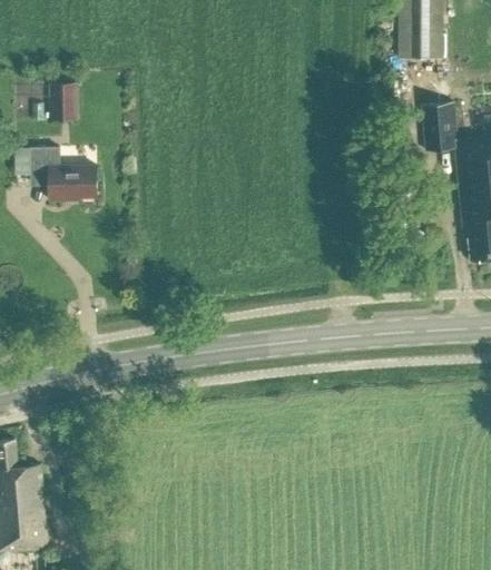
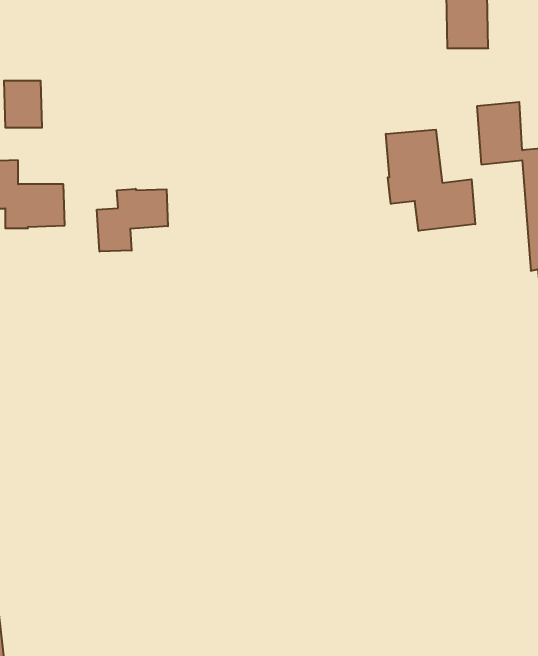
building: none -> [386,130,475,231]
building: none -> [97,189,168,252]

